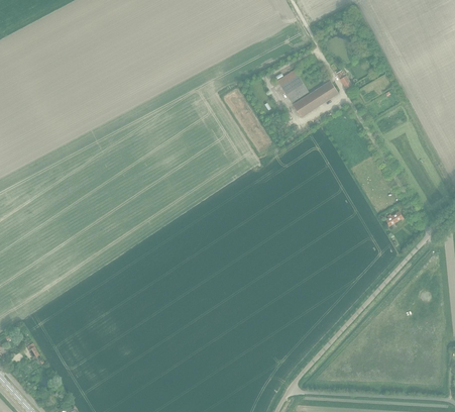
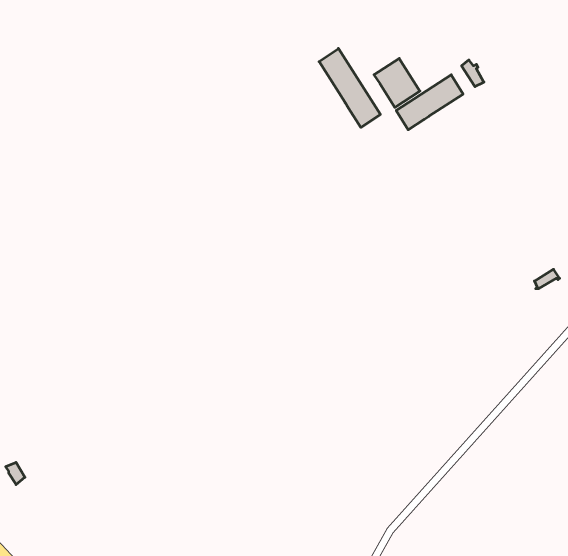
building: none -> [319,48,380,127]

